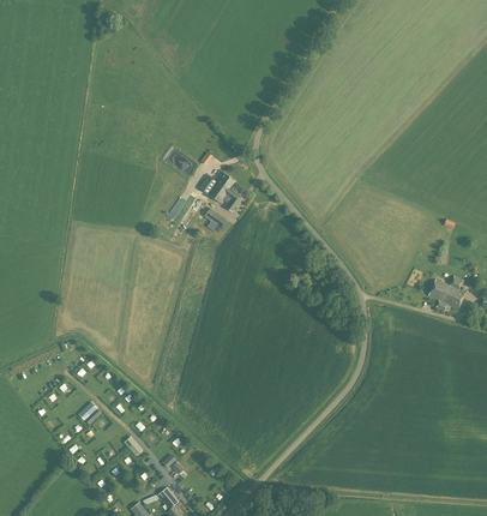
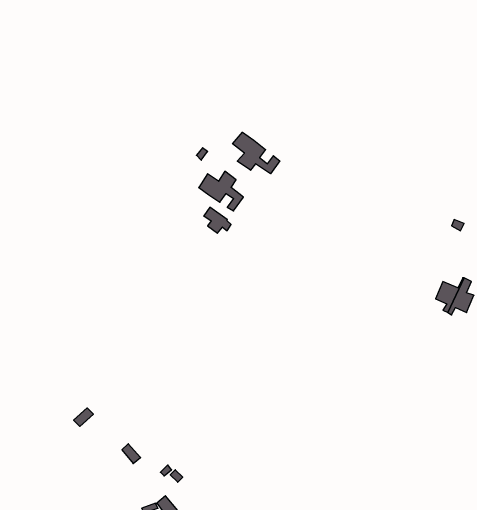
building: none -> [233,132,280,174]

